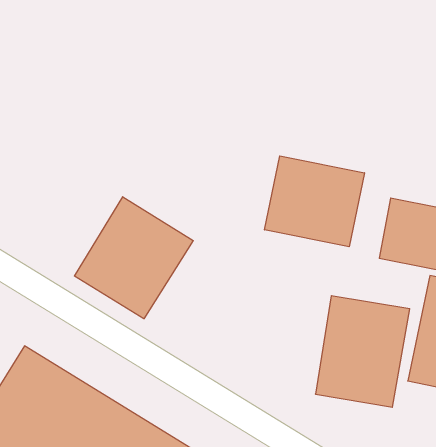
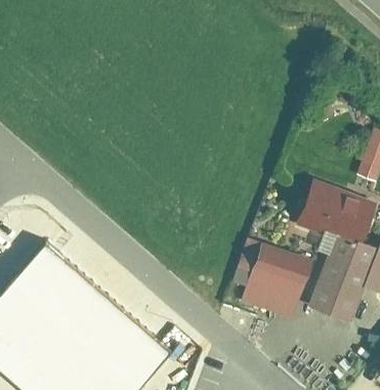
building: [265,156,364,247] -> none
building: [74,197,193,319] -> none

